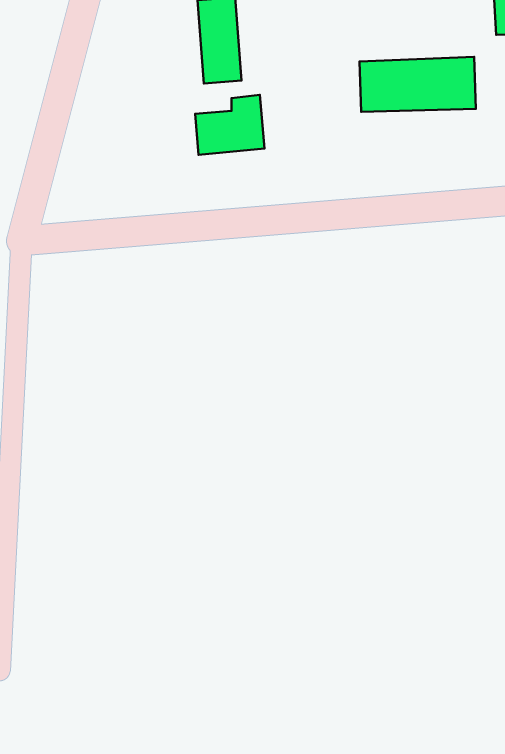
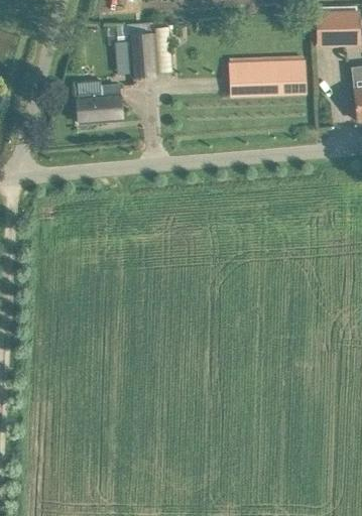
building: [195,95,264,155] -> [77,85,121,123]

